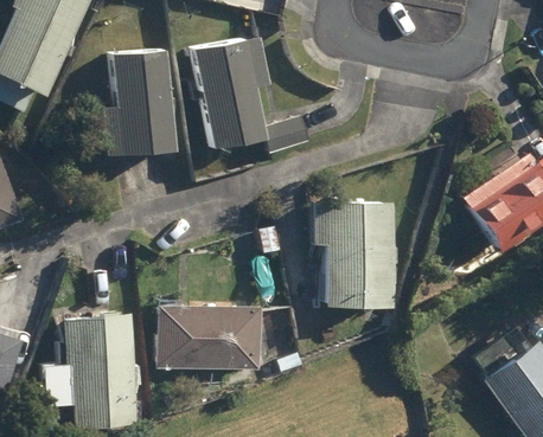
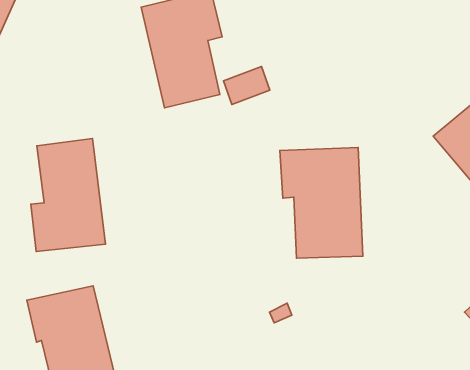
building: [102,51,171,155] -> [31,139,105,251]
building: [158,308,261,369] -> none

